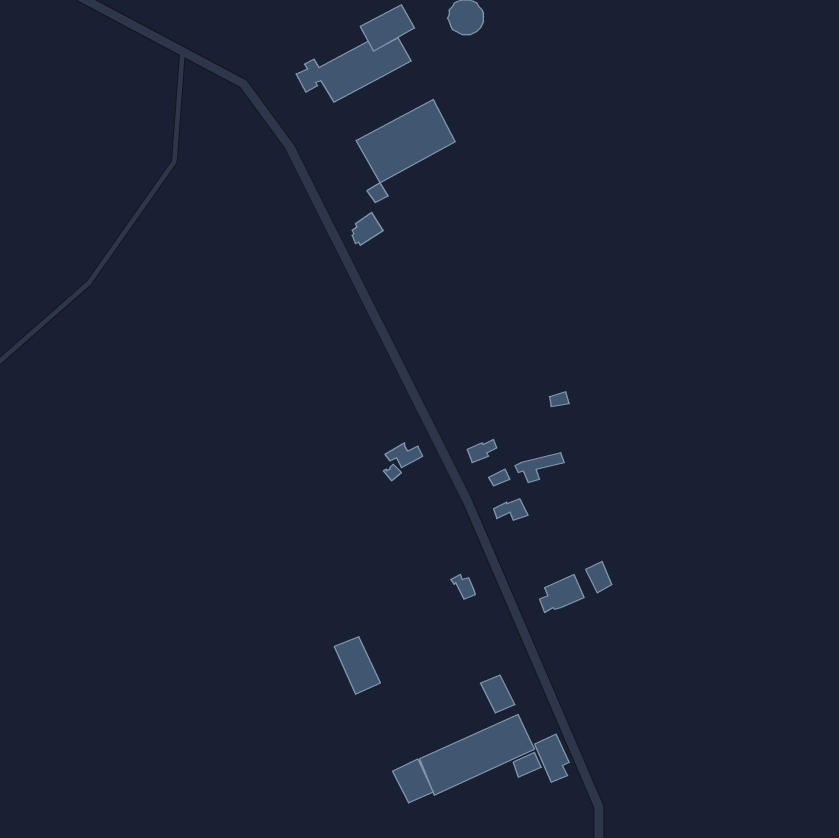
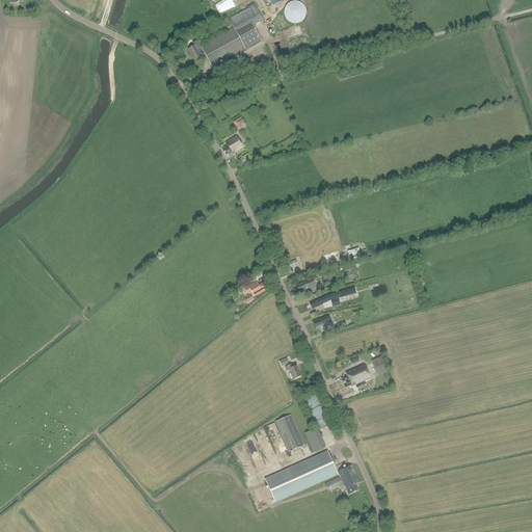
building: [356,99,455,183] -> none
building: [334,637,380,694] -> [275,415,304,451]
building: [393,759,433,803] -> none

